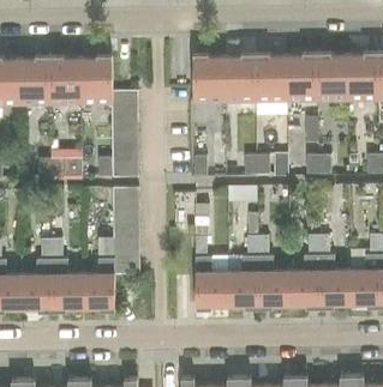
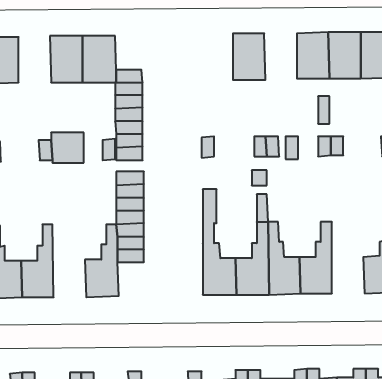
building: [193,56,225,102] -> none
building: [255,56,286,101] -> none
building: [19,59,50,103] -> none
building: [319,235,351,304] -> none
building: [52,238,84,308] -> none

